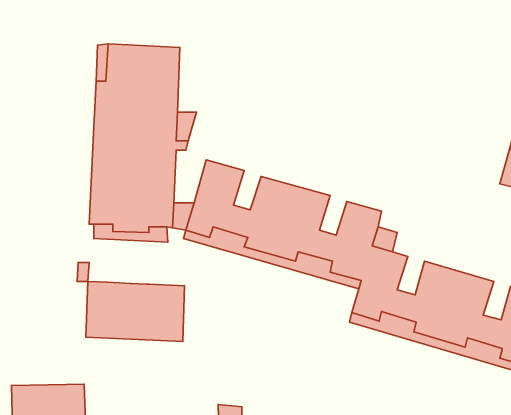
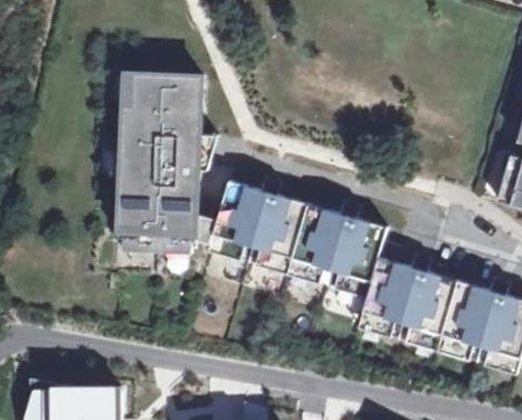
building: [86,282,185,342] -> none

